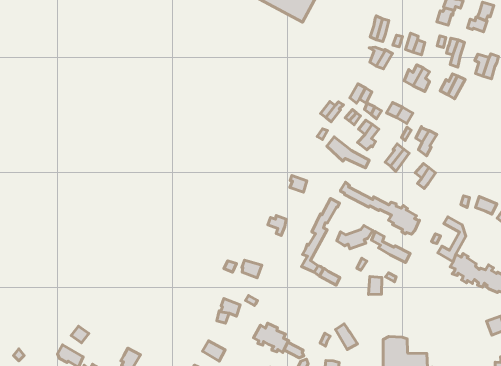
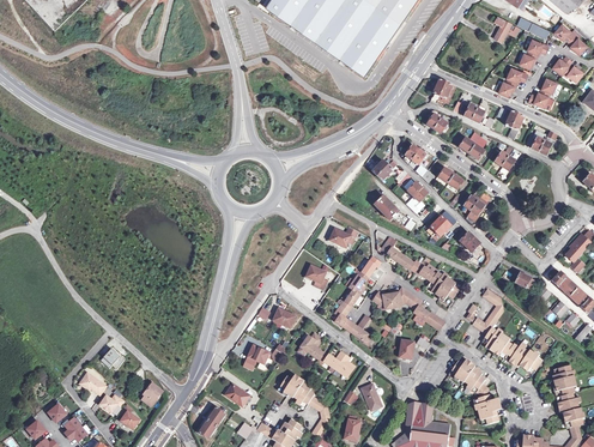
building: none -> [296,334,353,377]
building: none -> [449,360,502,424]

